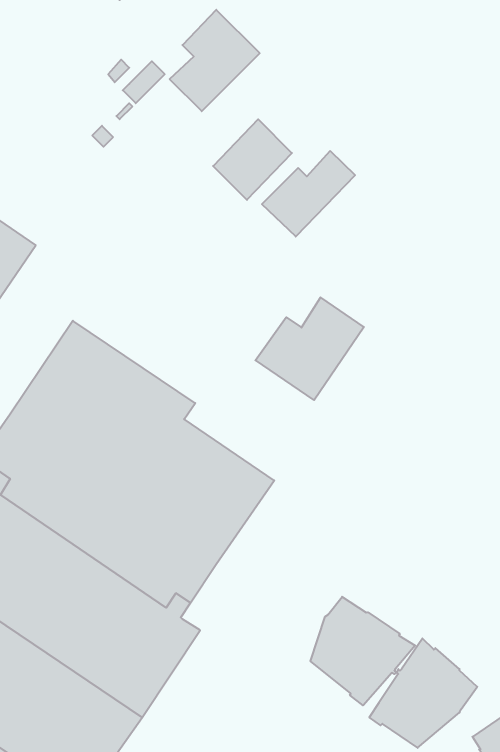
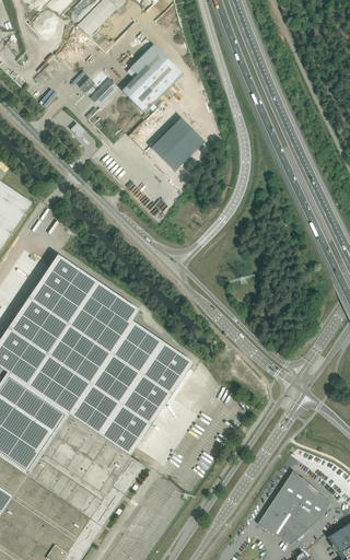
building: [262,151,355,237] -> none
building: [255,297,364,400] -> none
building: [310,597,415,705] -> none

